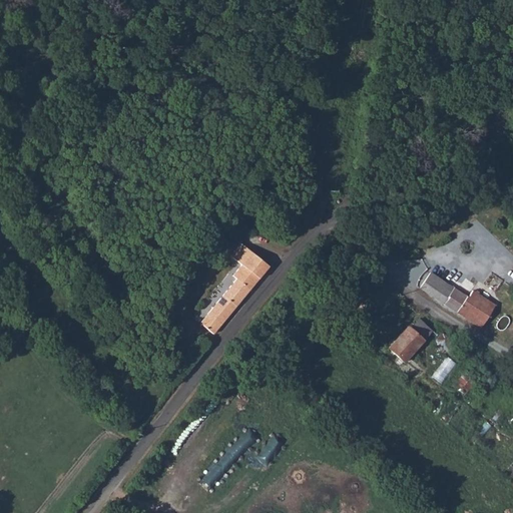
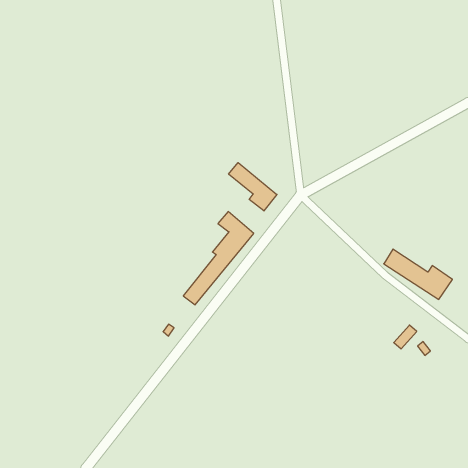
building: none -> [229,163,277,211]
building: [388,327,424,363] -> none

